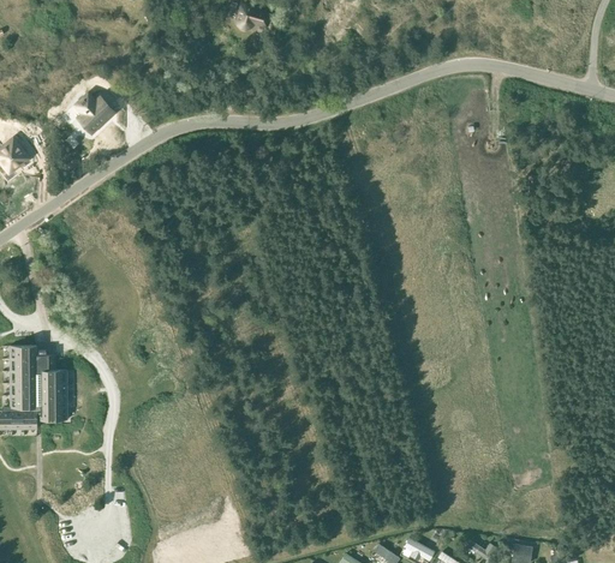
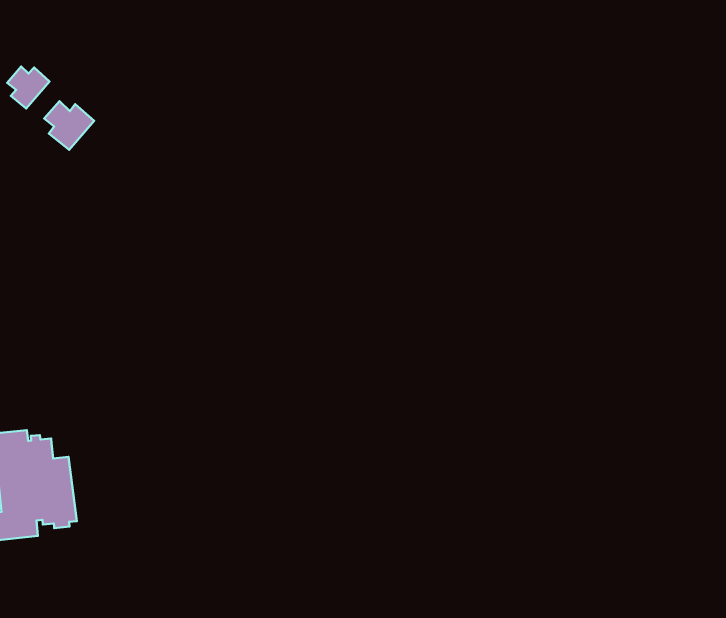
building: none -> [7,67,49,109]

